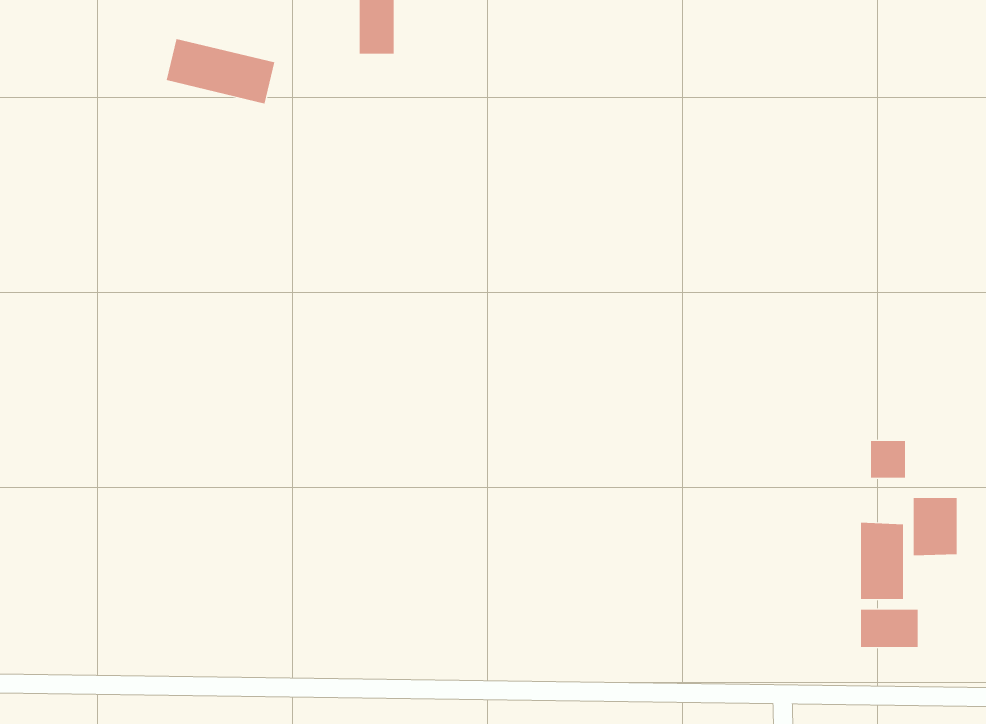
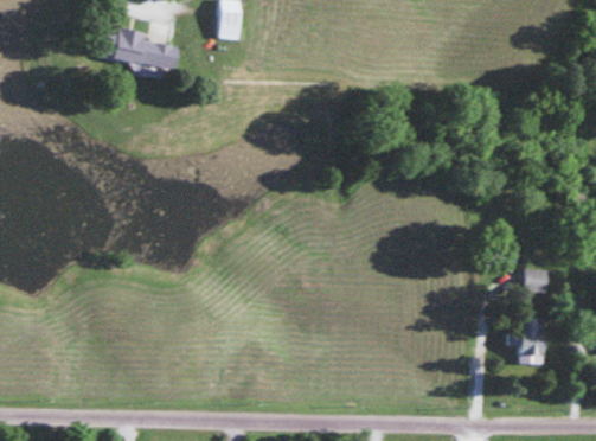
building: [913,497,957,556] -> none
building: [860,609,918,648] -> none

